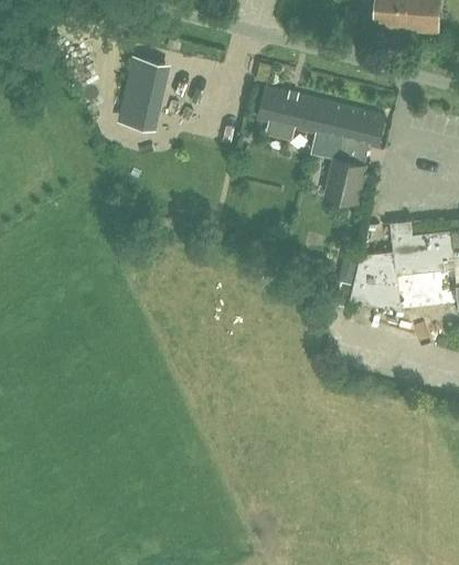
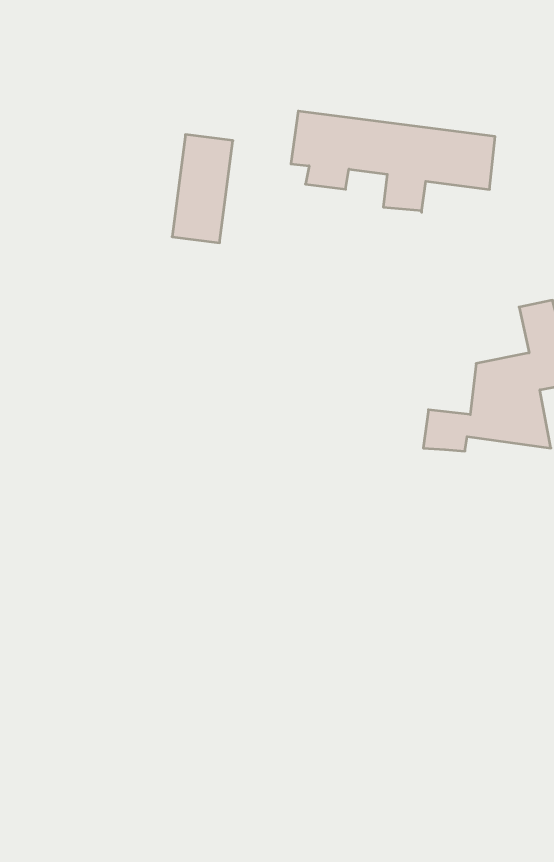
building: [122,58,166,127] -> [172,135,233,243]
building: [328,157,366,202] -> none

